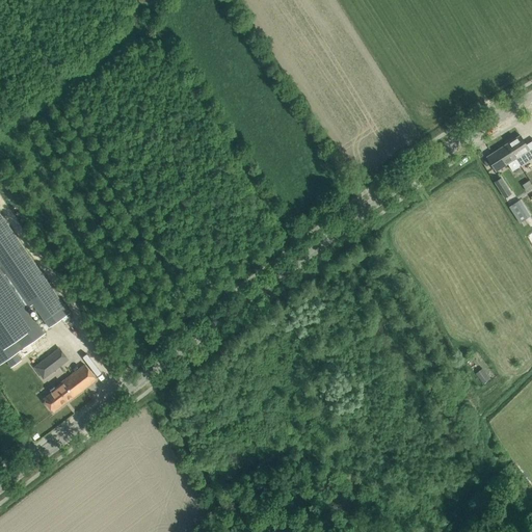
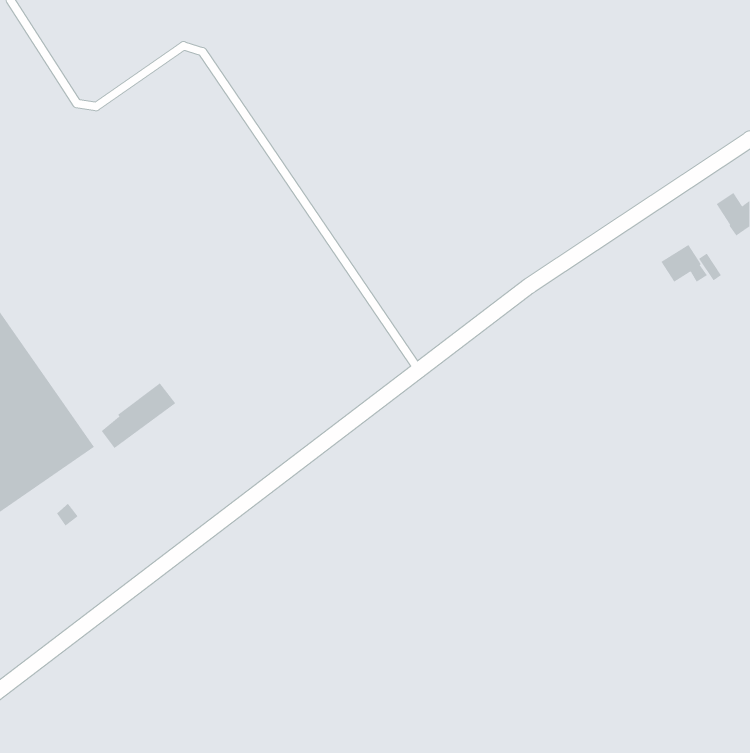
building: [483,145,516,172] -> [661,244,708,283]
building: [39,367,92,414] -> [101,382,176,449]

